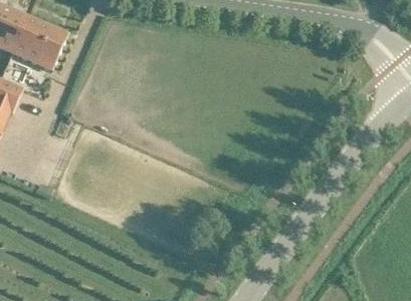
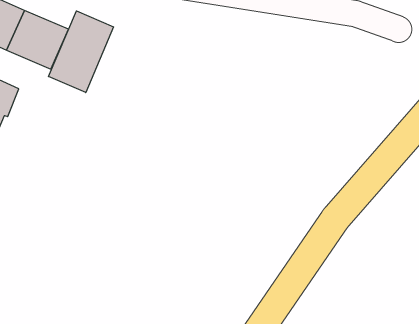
building: none -> [49,11,114,93]

